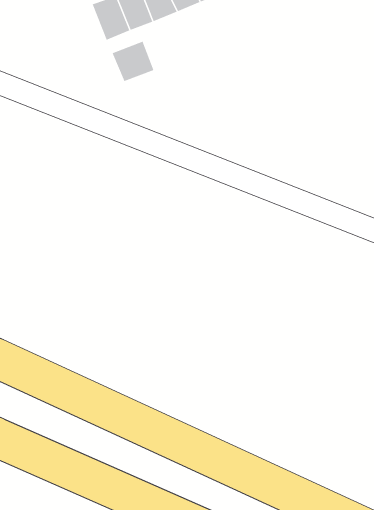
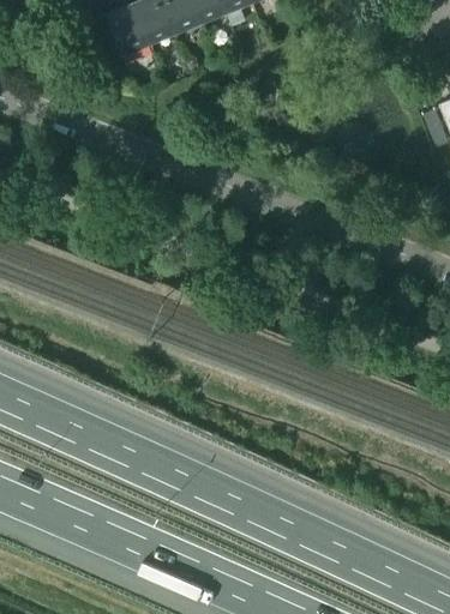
building: [112,41,154,82] -> none

